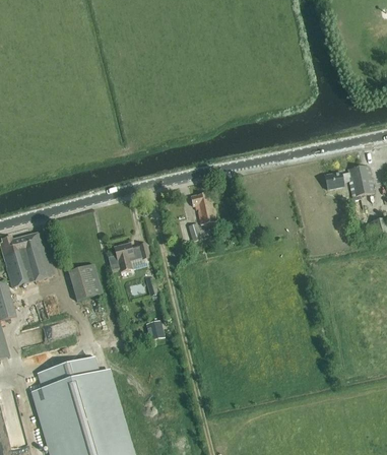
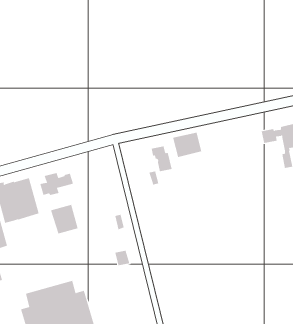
building: none -> [173,132,202,158]
building: [108,242,149,270] -> [40,172,74,196]

